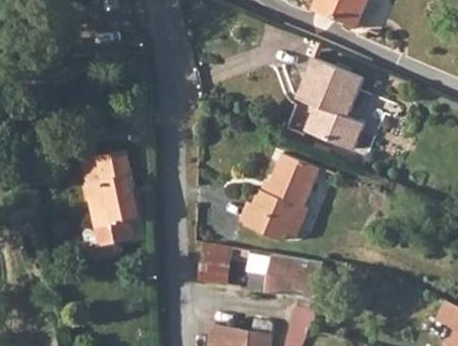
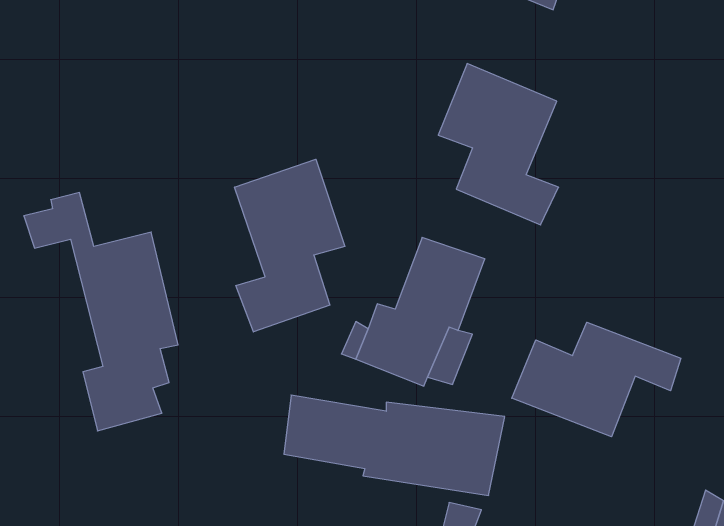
building: none -> [235,159,345,332]
building: none -> [512,322,681,437]

